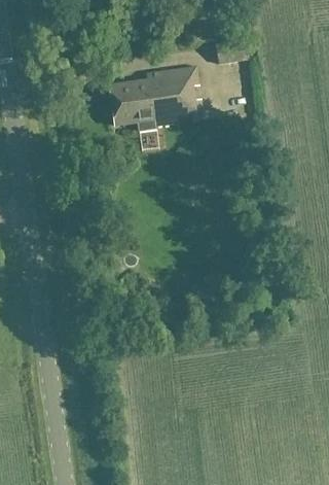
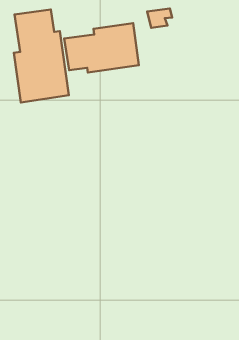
building: none -> [14,10,69,103]

